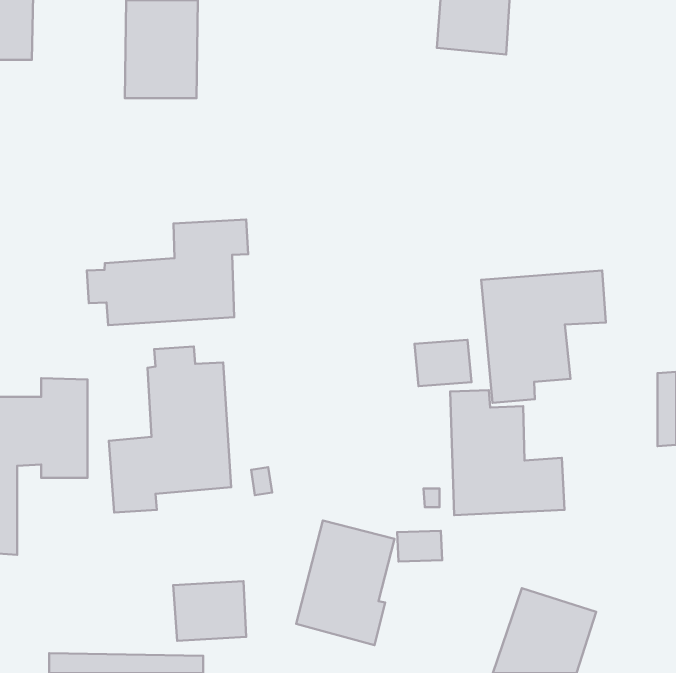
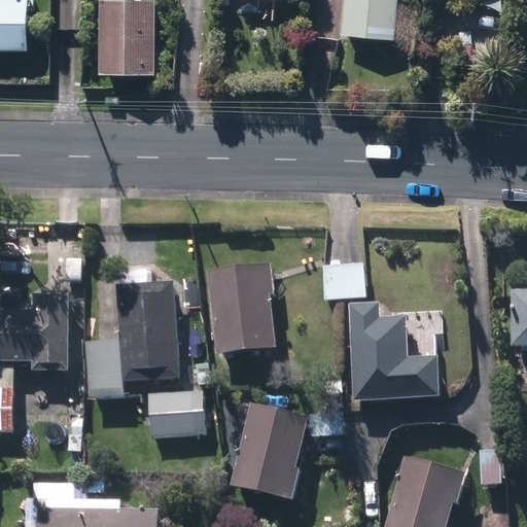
building: [87,219,248,325] -> none
building: [481,271,606,403] -> none
building: none -> [207,264,275,353]
building: [173,581,246,641] -> [148,390,205,436]

